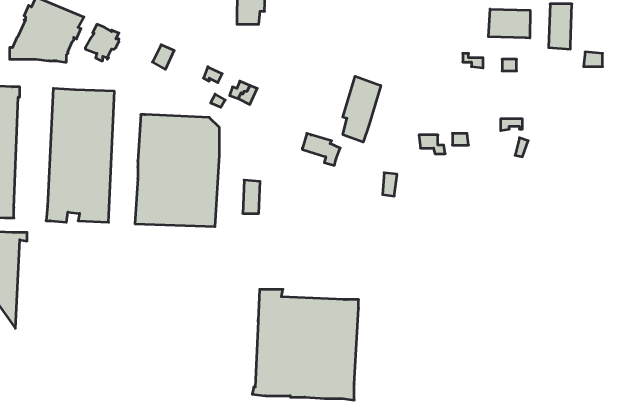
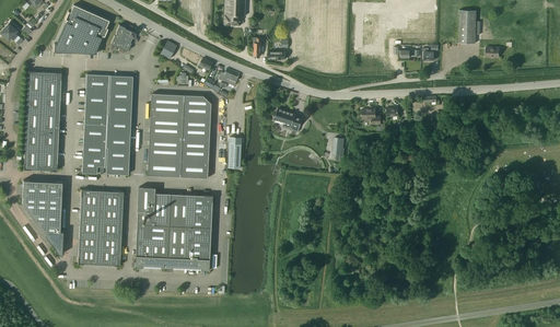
building: [488,9,530,38] -> none
building: [343,76,381,142] -> none
building: none -> [78,189,122,266]
building: [252,289,359,400] -> [133,187,213,270]

